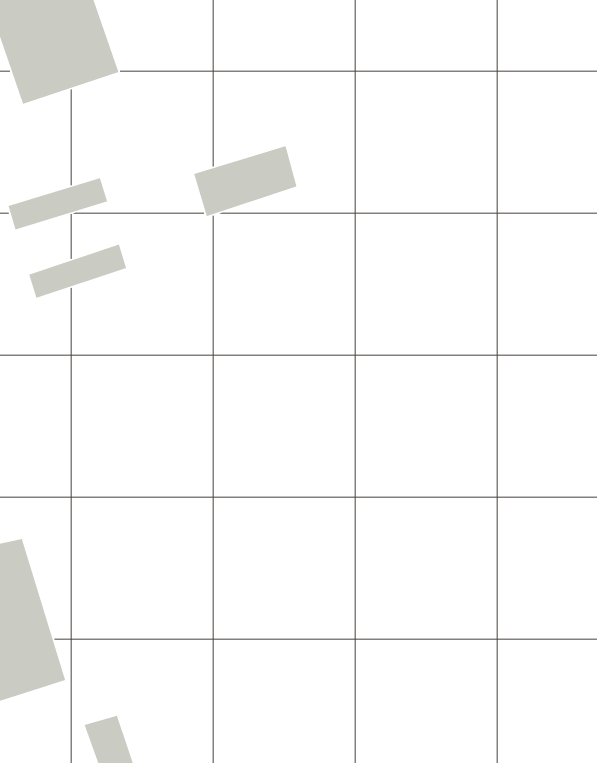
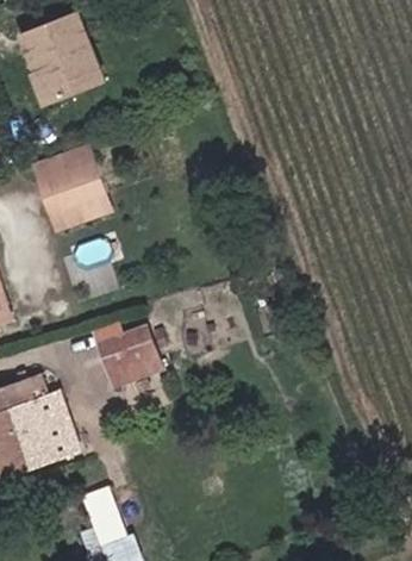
building: [193,145,298,217] -> [42,166,107,211]
building: none -> [94,320,152,376]

